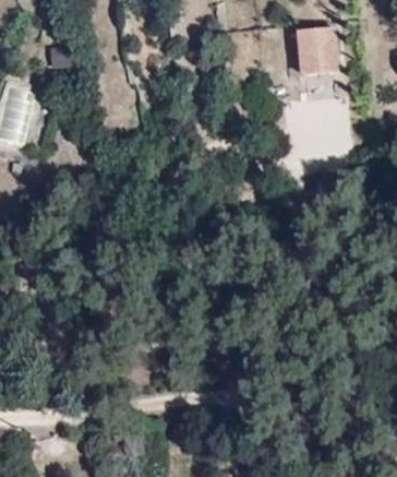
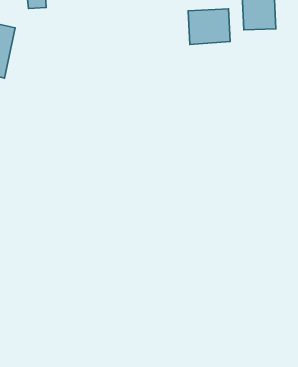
building: none -> [188,9,230,44]

